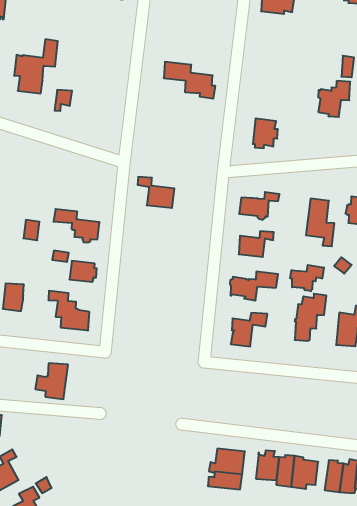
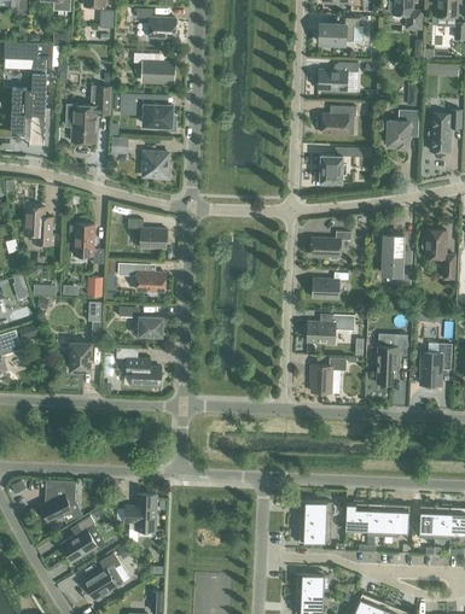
building: none -> [133,53,173,82]
building: none -> [316,62,358,90]
building: [164,62,215,99] -> [120,94,174,129]
building: none -> [320,105,355,134]
building: none -> [141,151,168,179]
building: none -> [68,223,93,255]
building: [138,177,174,208] -> [127,218,165,248]
building: [290,265,324,291] -> none
building: [35,363,68,399] -> [123,493,156,530]

